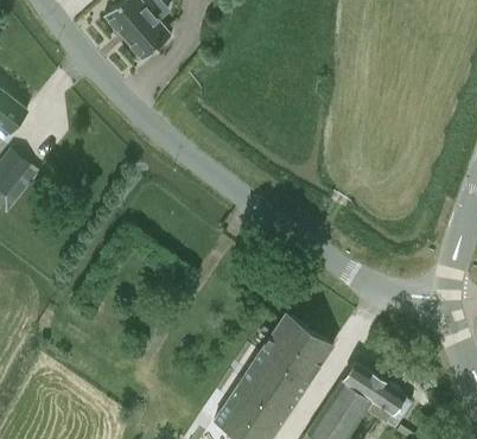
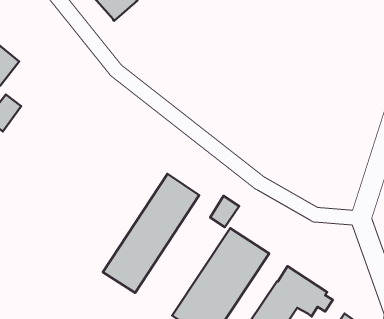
building: none -> [103,174,199,293]
building: none -> [210,196,239,227]

